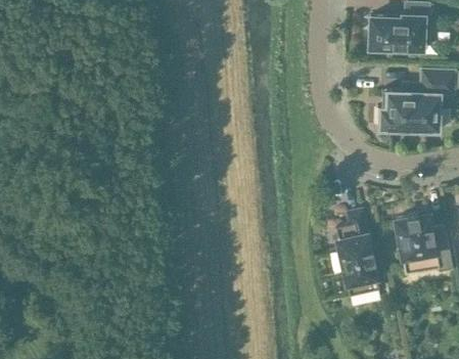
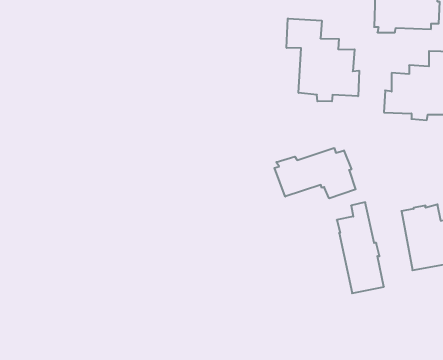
building: none -> [287,18,359,101]
building: none -> [274,148,356,198]

